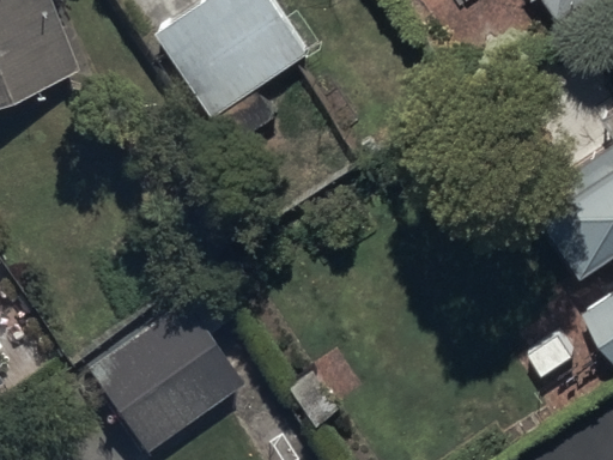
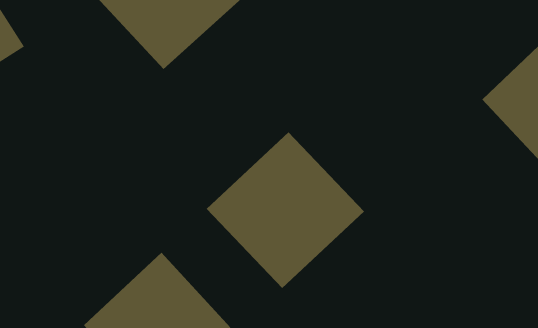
building: none -> [206,131,365,289]

